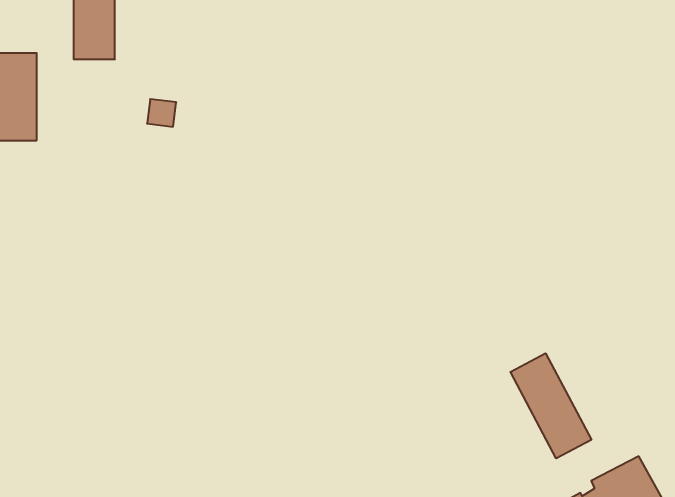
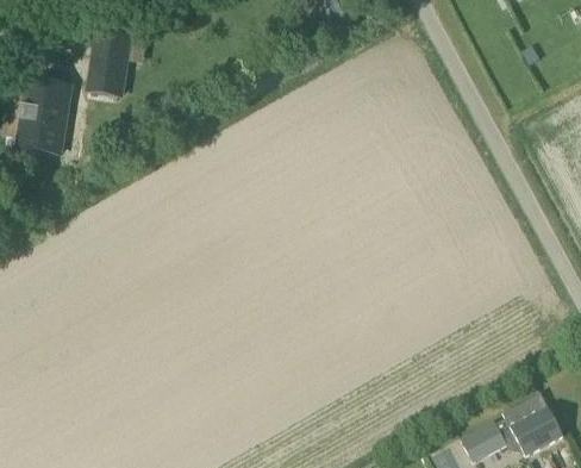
building: [510,353,591,458] -> none

